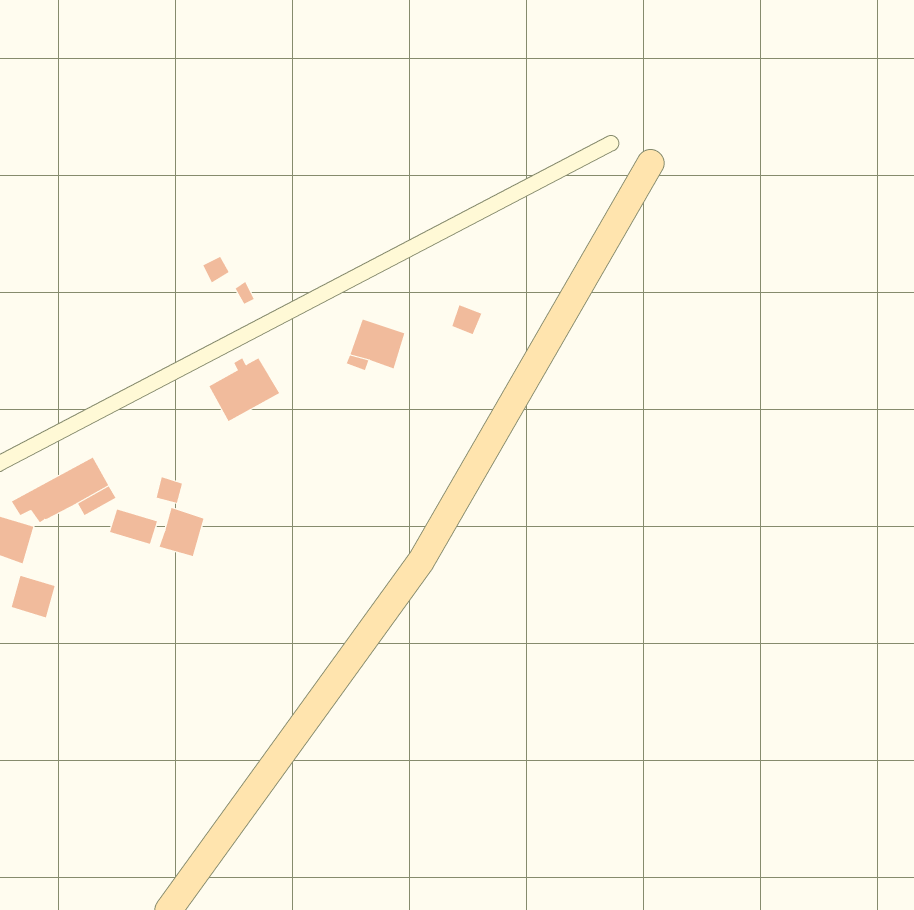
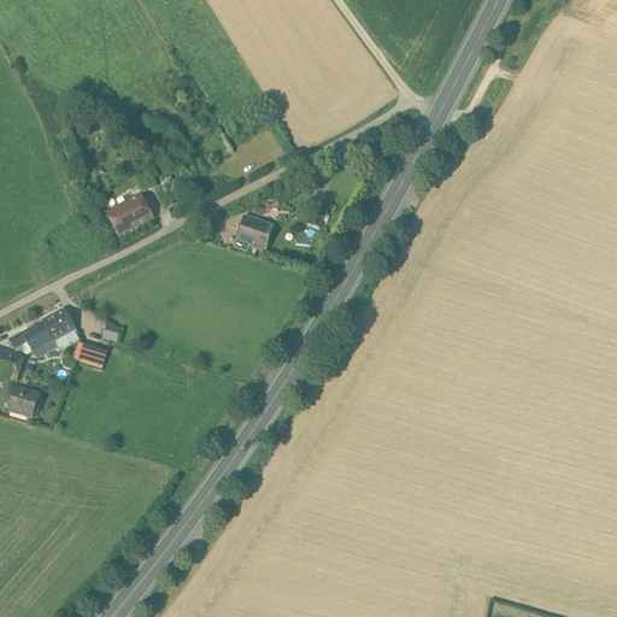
building: [209,357,280,422] -> [105,192,153,235]
building: [159,507,204,557] -> none

